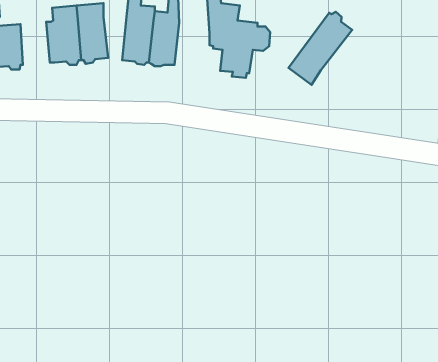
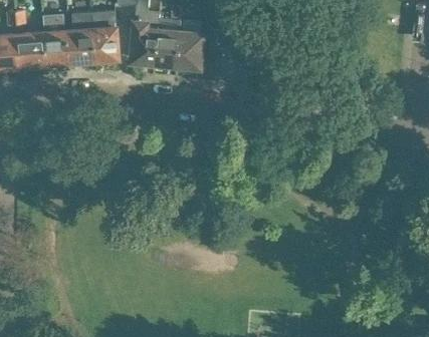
building: none -> [41,16,67,69]
building: [289,12,352,85] -> none
building: none -> [175,30,202,70]

